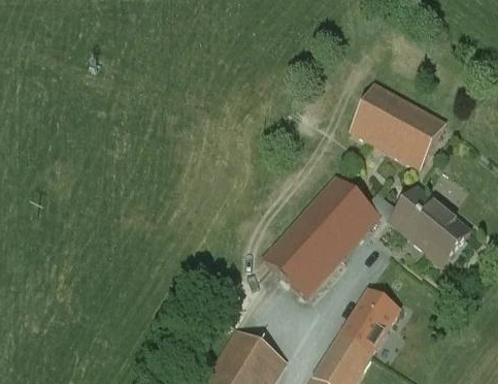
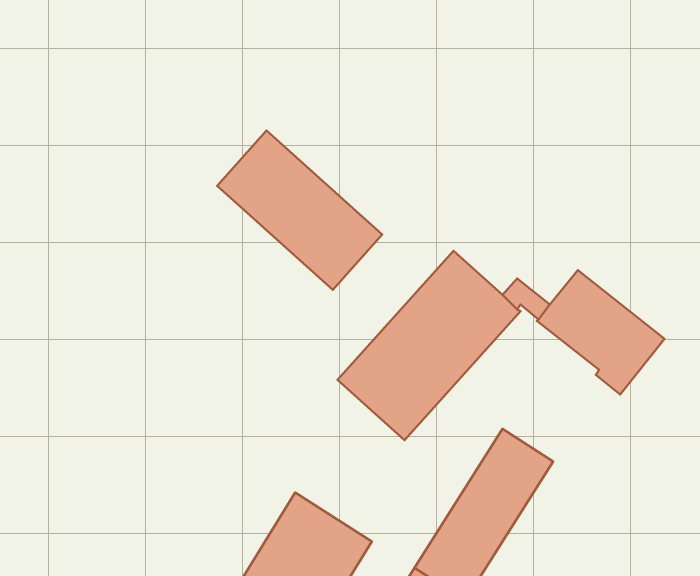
building: [351,84,445,168] -> none
building: none -> [217,130,382,290]

